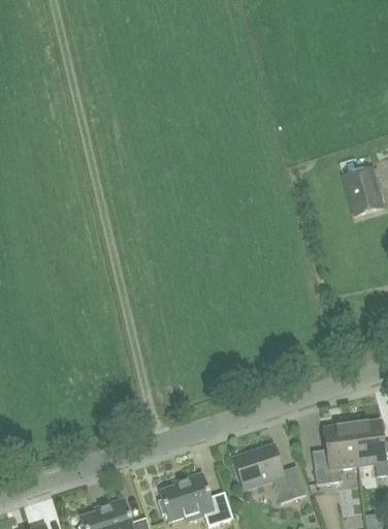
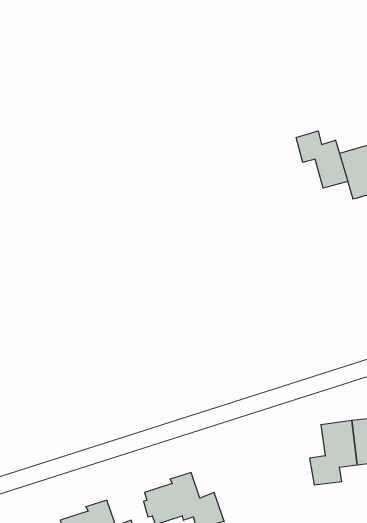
building: none -> [296,131,348,188]
building: [233,444,305,502] -> none

